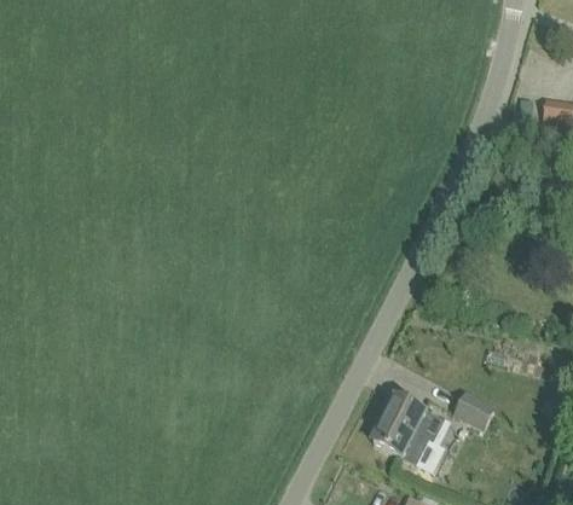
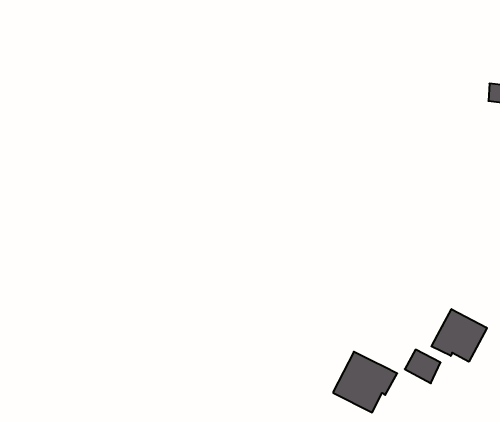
building: none -> [431,309,487,362]

